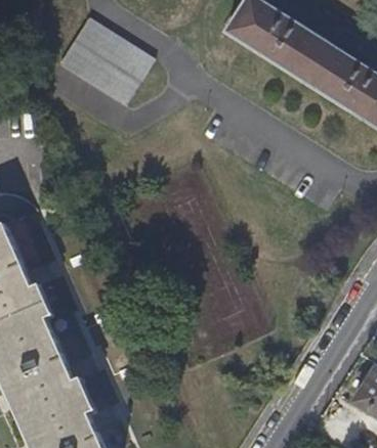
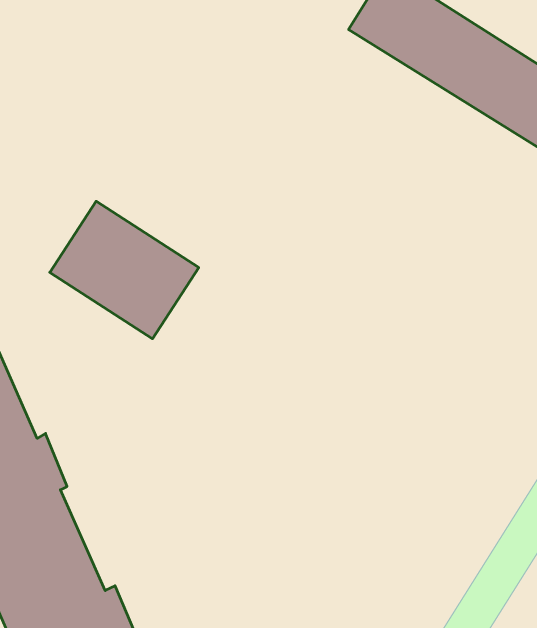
building: [57,20,150,105] -> [50,201,199,339]

